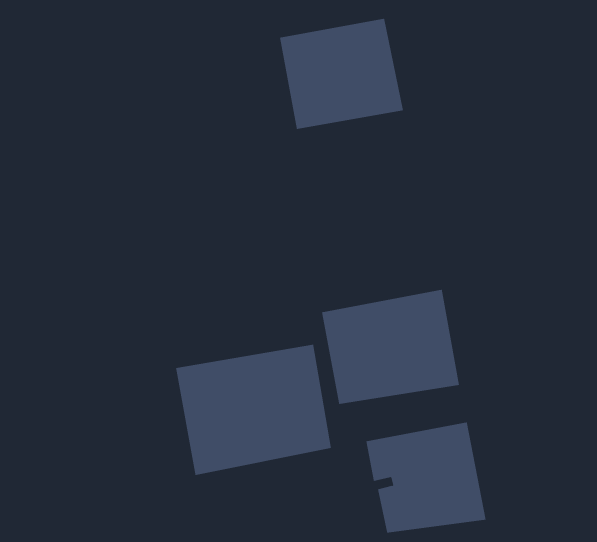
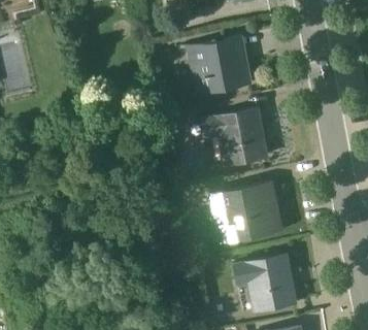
building: none -> [199,106,269,166]
building: [176,344,332,476] -> none

